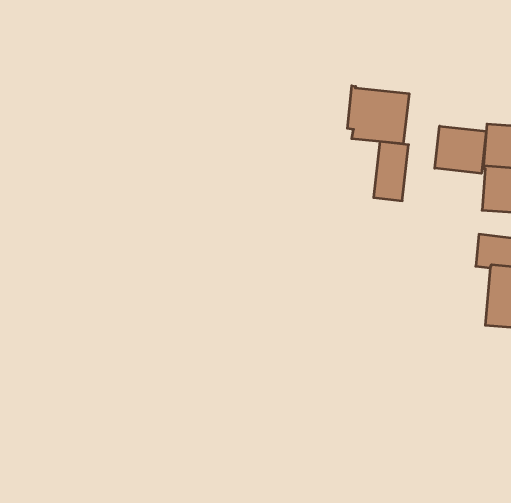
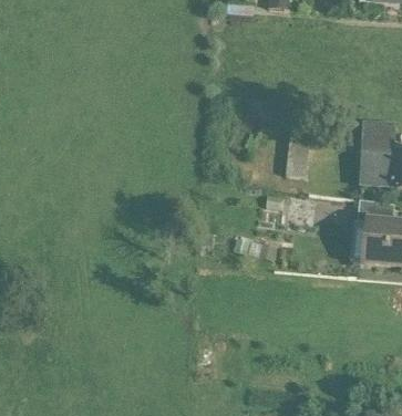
building: [347,86,409,144] -> none
building: [435,126,486,173] -> none

